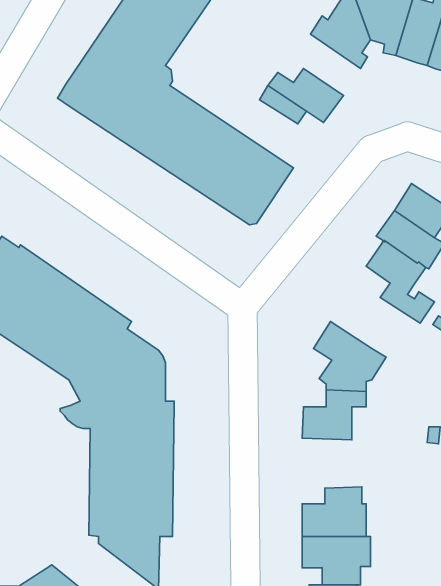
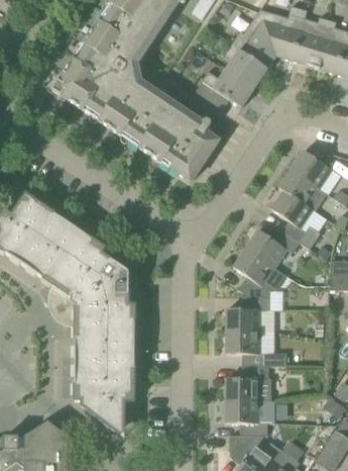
building: none -> [224,44,267,88]
building: none -> [246,228,299,268]
building: none -> [226,332,286,367]

